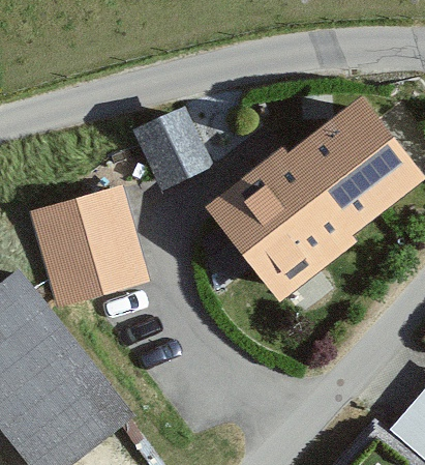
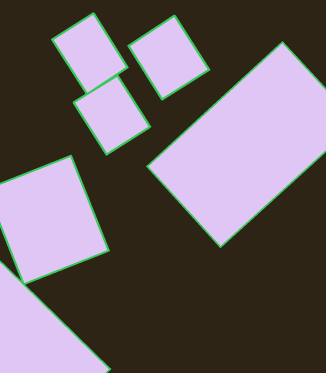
building: none -> [52,13,128,94]
building: none -> [128,16,209,100]

